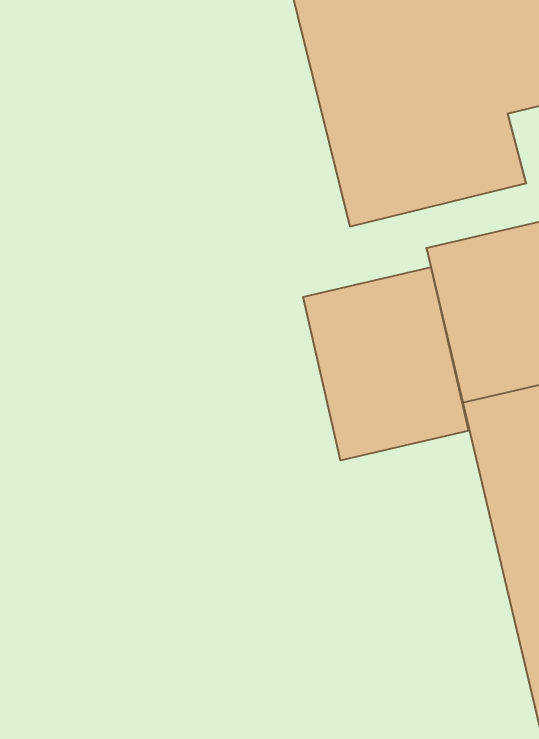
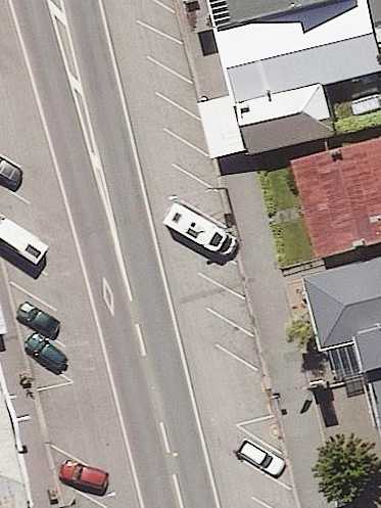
building: [303,267,468,460] -> none

